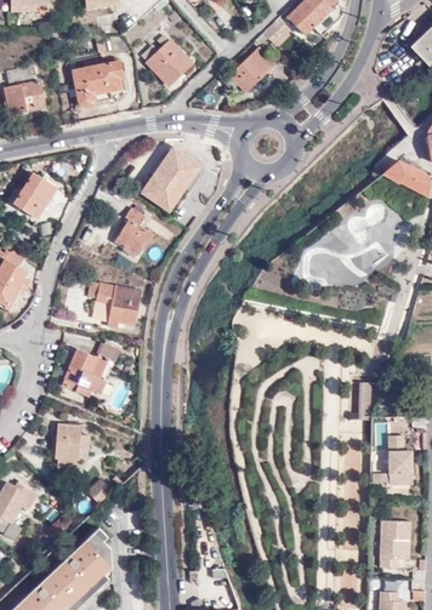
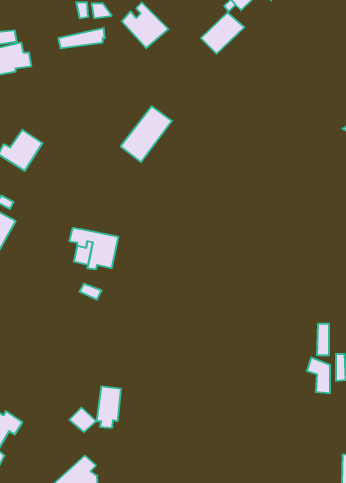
building: [75,80,125,109] -> none
building: [115,209,152,253] -> none
building: [59,348,104,395] -> none
building: [52,424,79,469] -> [97,387,121,428]

